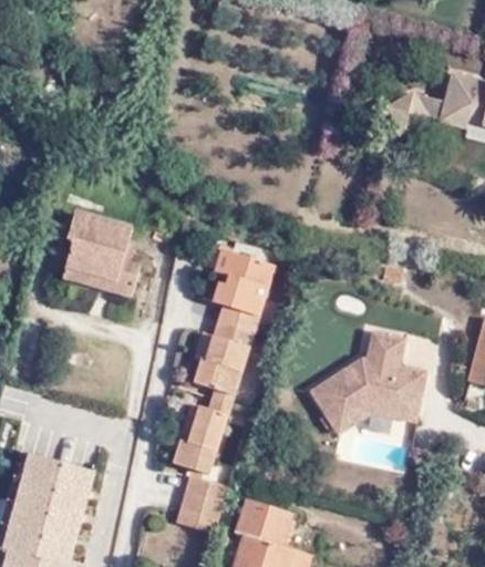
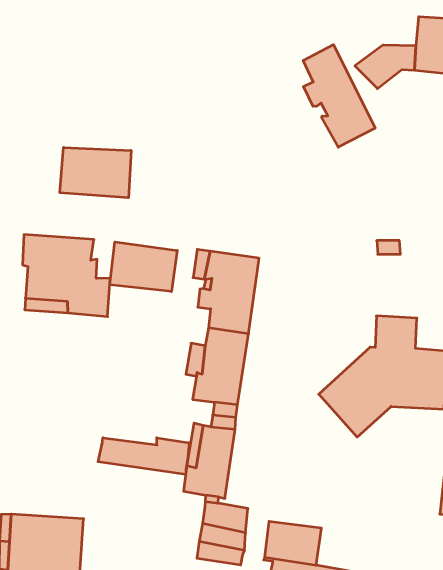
building: none -> [303,45,375,147]
building: none -> [60,147,131,198]
building: none -> [110,242,177,292]
building: none -> [98,438,189,474]

